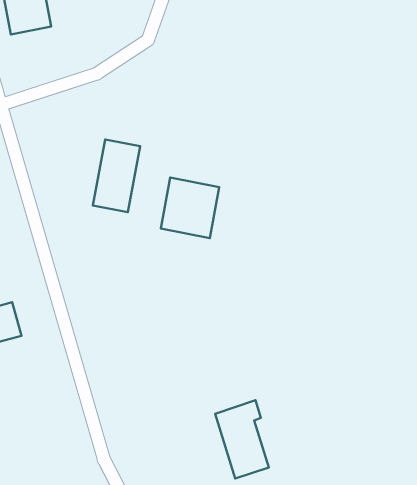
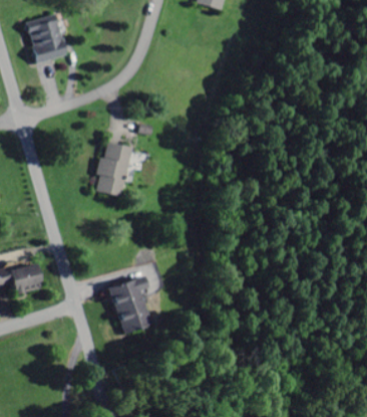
building: [161,178,219,238] -> none
building: [215,400,269,478] -> [107,276,147,335]

